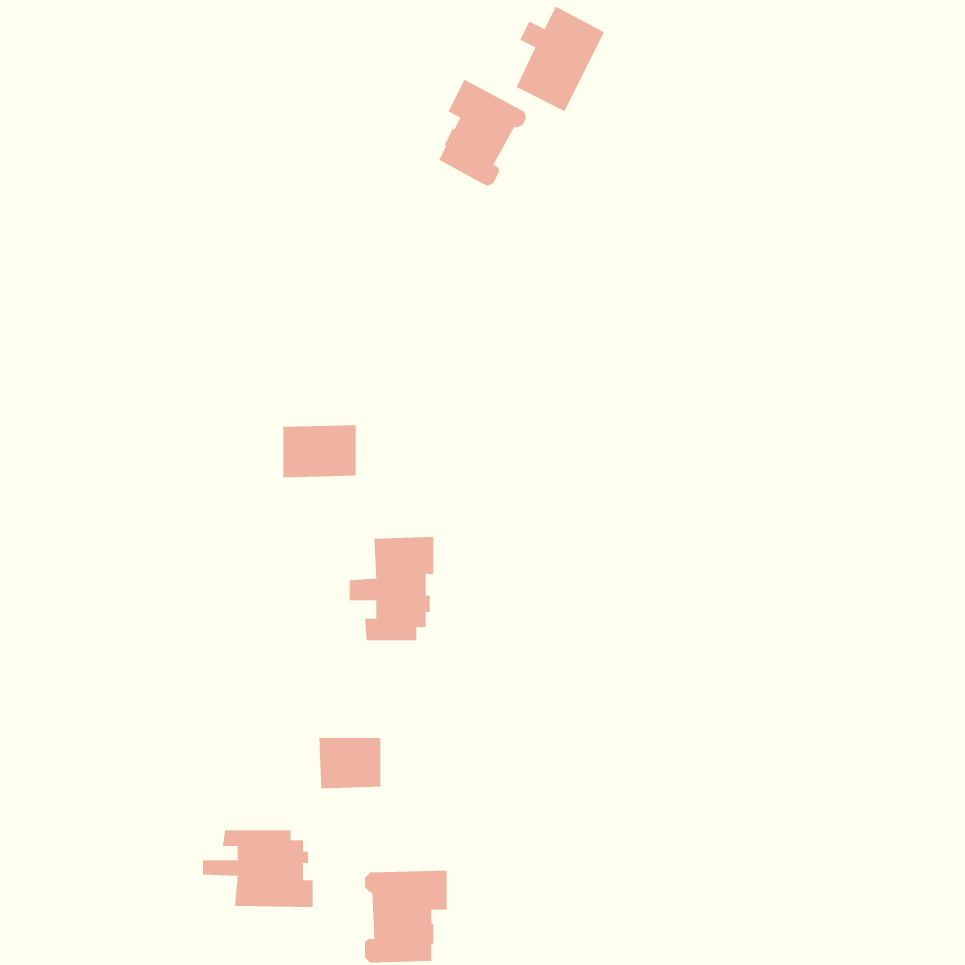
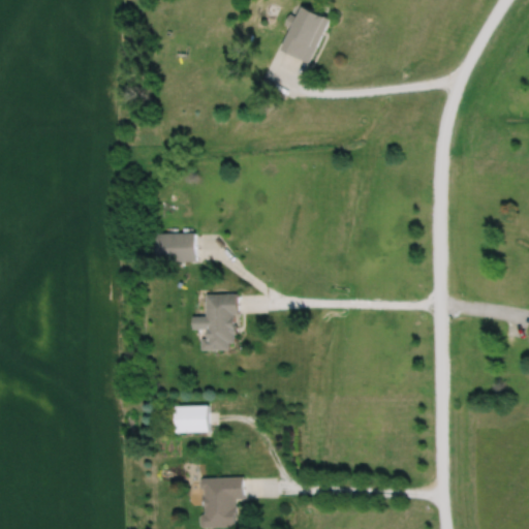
building: [438,79,527,186] -> none
building: [203,830,313,908] -> none

